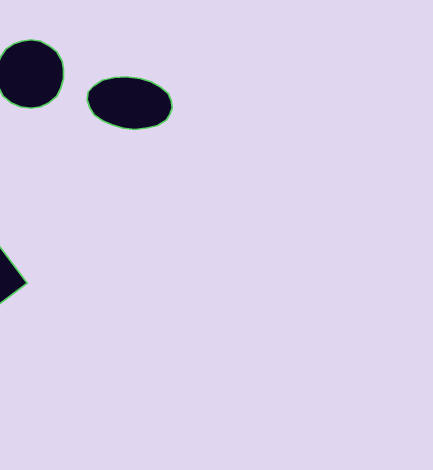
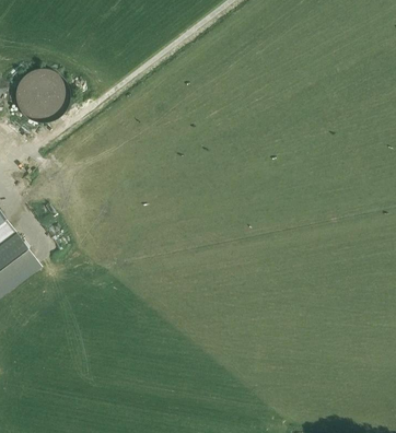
building: [87,77,172,129] -> none

